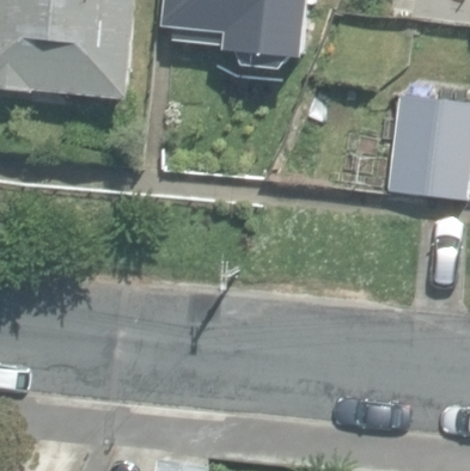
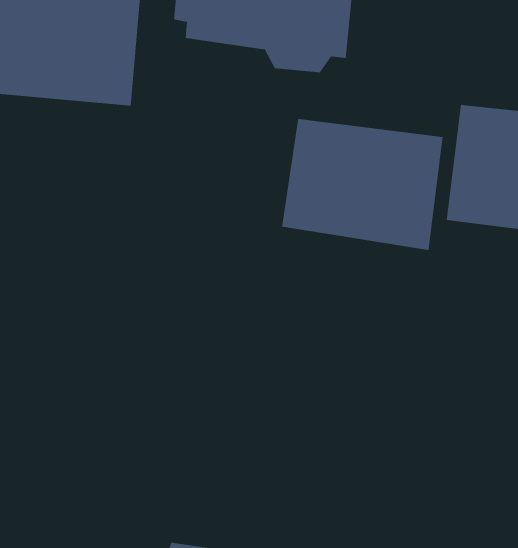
building: none -> [281,118,443,251]

